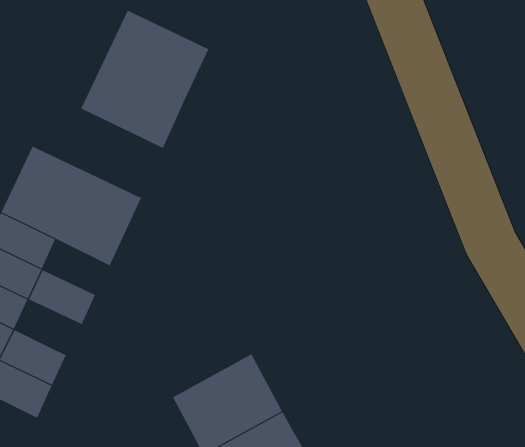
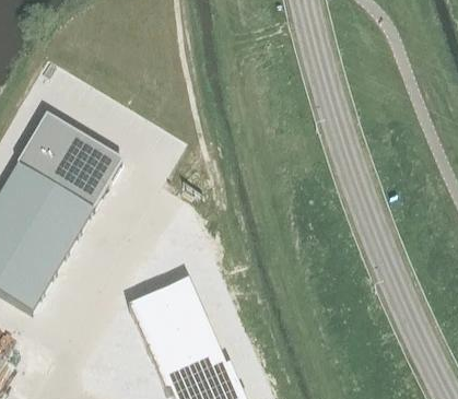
building: [81,10,209,149] -> none
building: none -> [45,183,94,225]
building: none -> [21,224,70,267]

